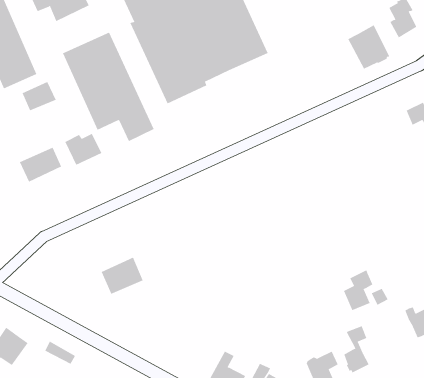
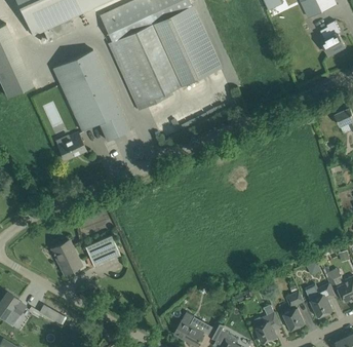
building: [347,25,390,69] -> none
building: [22,81,56,111] -> none
building: [19,147,62,182] -> none
building: none -> [51,240,81,274]
building: [343,269,373,311] -> [310,283,335,317]

